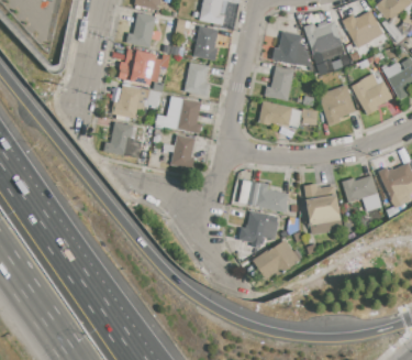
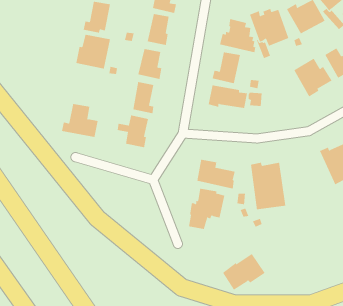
building: [319,84,356,124] -> none
building: [111,85,160,118] -> none
building: [155,96,185,129] -> none
building: [342,175,382,211] -> none
building: [254,239,300,279] -> [222,253,266,290]

